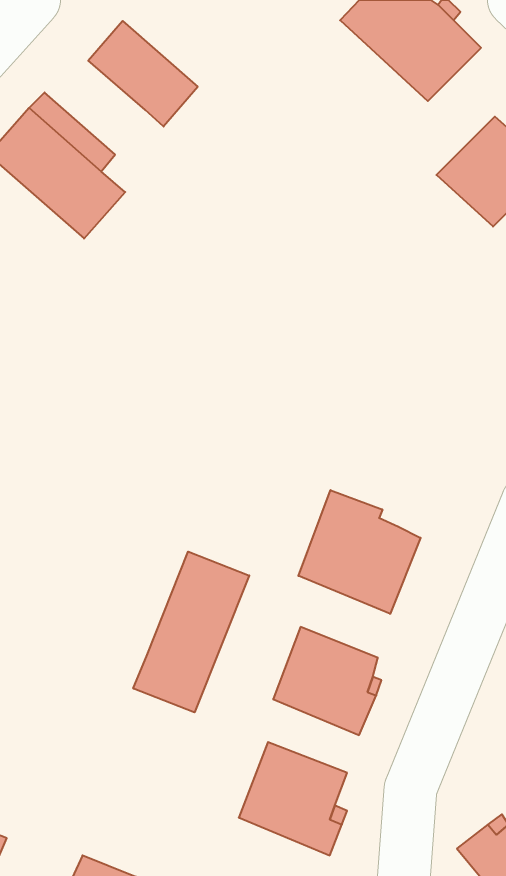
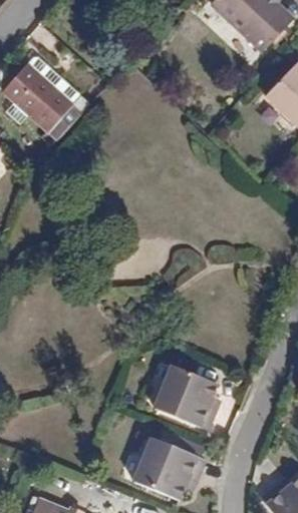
building: [88,21,198,127] -> none
building: [298,490,421,614] -> none
building: [133,552,249,712] -> none

